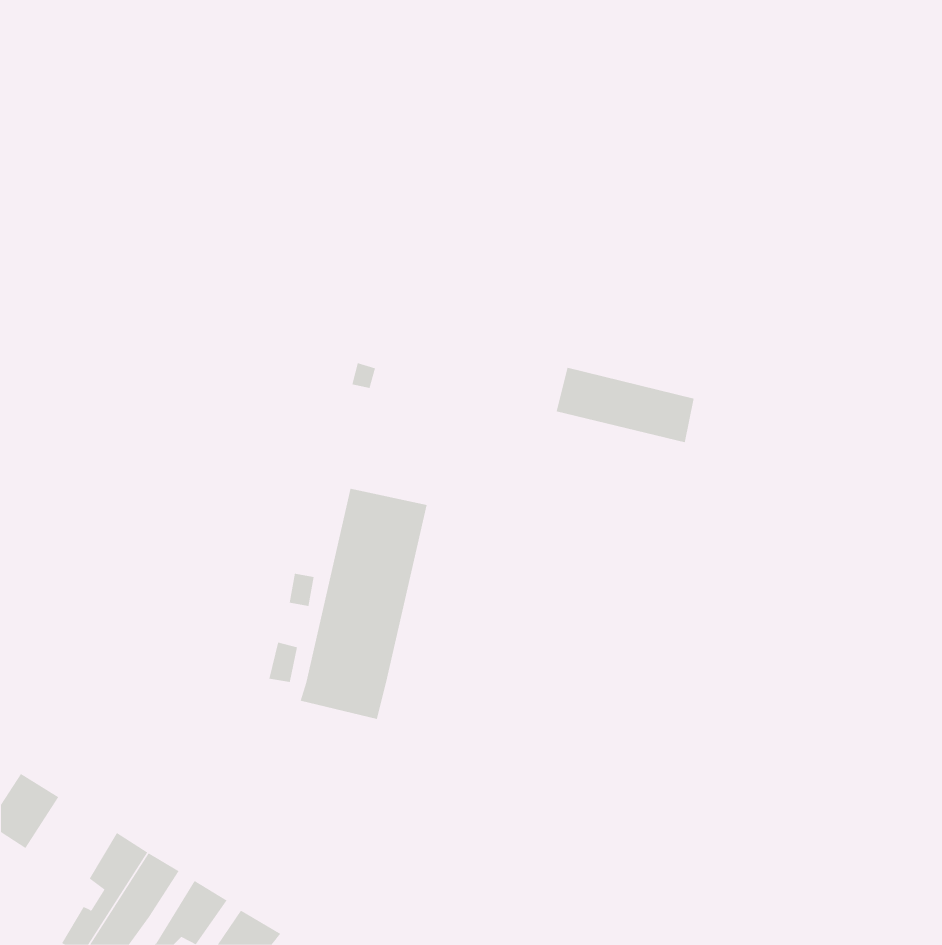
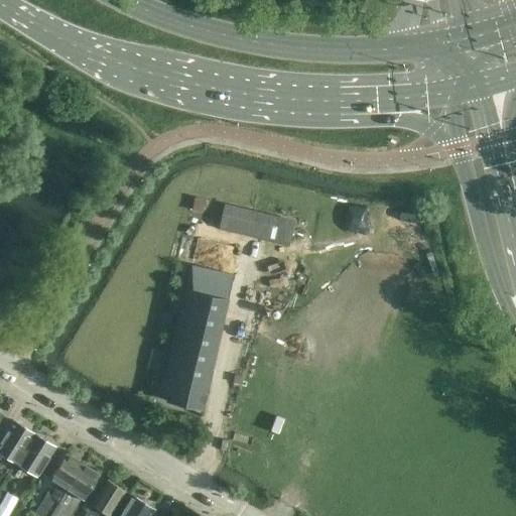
building: [556,367,695,443] -> [220,205,295,246]
building: none -> [162,382,208,409]
building: none -> [16,434,54,476]

